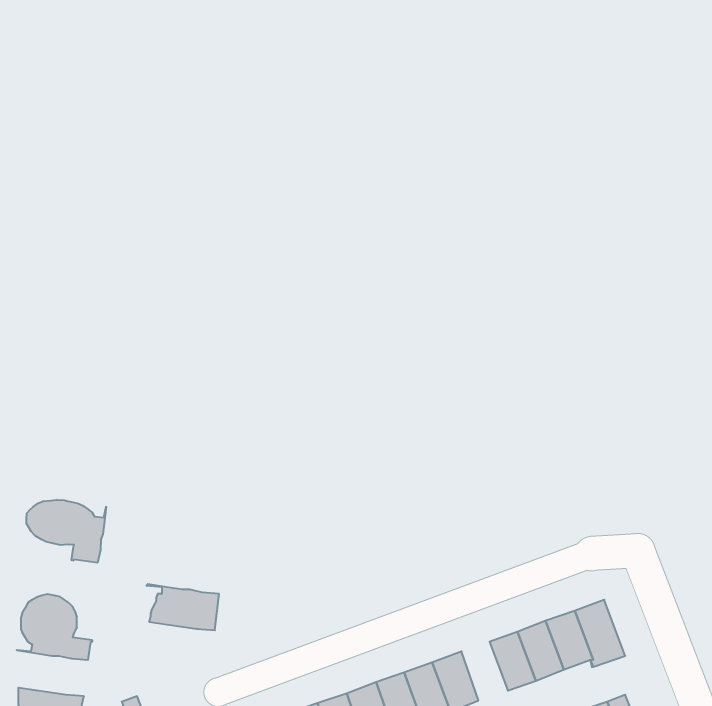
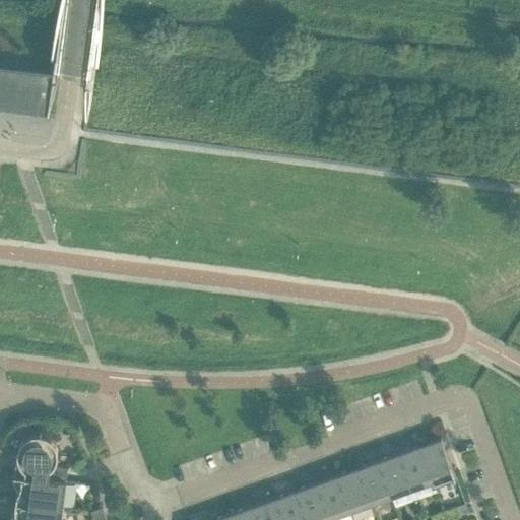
building: [27,500,106,563] -> none
building: [146,584,219,630] -> [11,478,64,512]
building: none -> [335,472,369,515]

